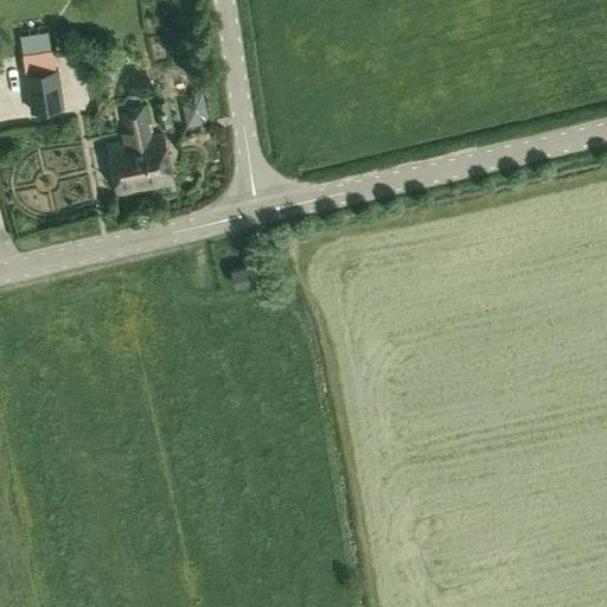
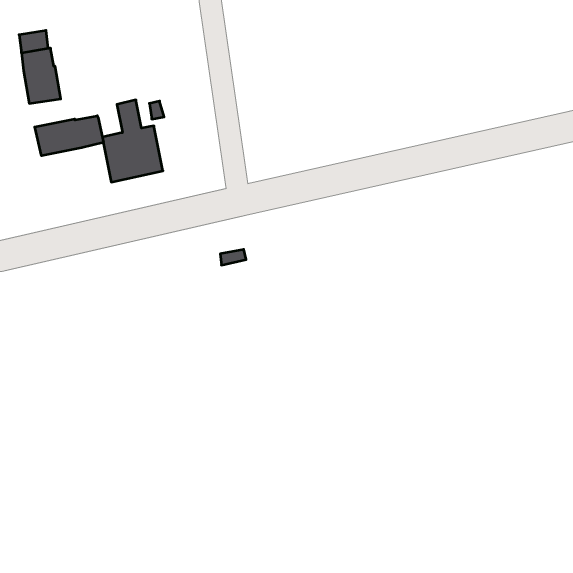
building: none -> [35,116,103,156]

